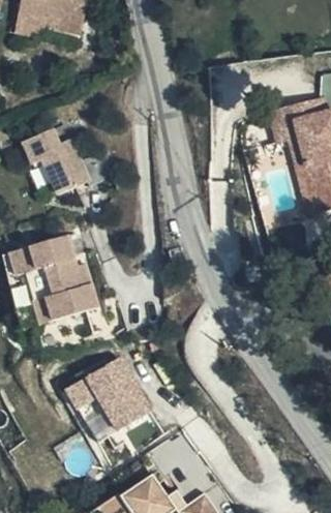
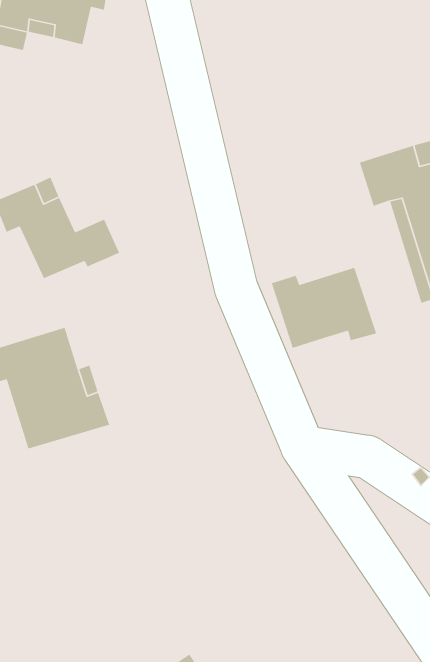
building: none -> [271,267,377,349]
building: [59,363,143,436] -> none

